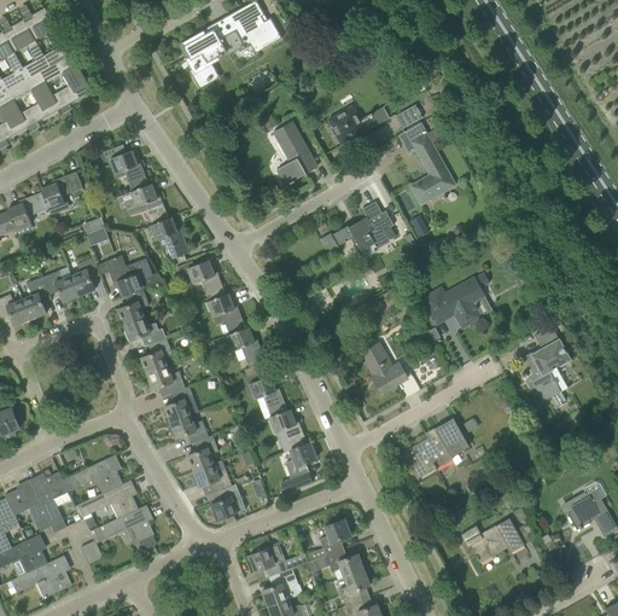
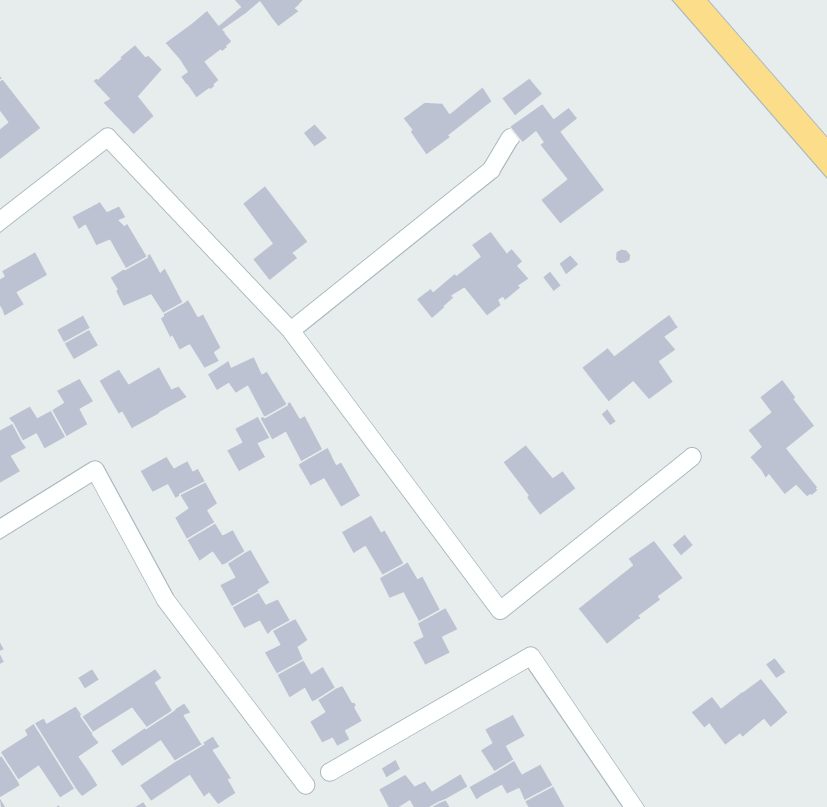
building: none -> [92,44,162,136]
building: [275,123,315,186] -> [242,185,309,281]
building: [117,290,147,325] -> [226,416,271,472]

